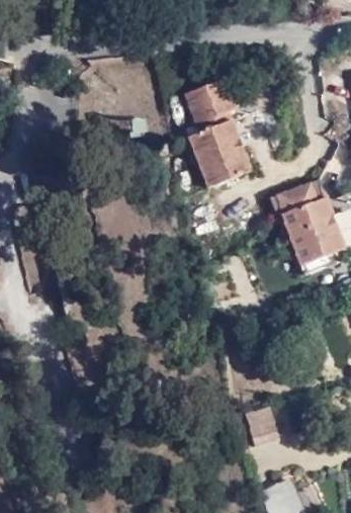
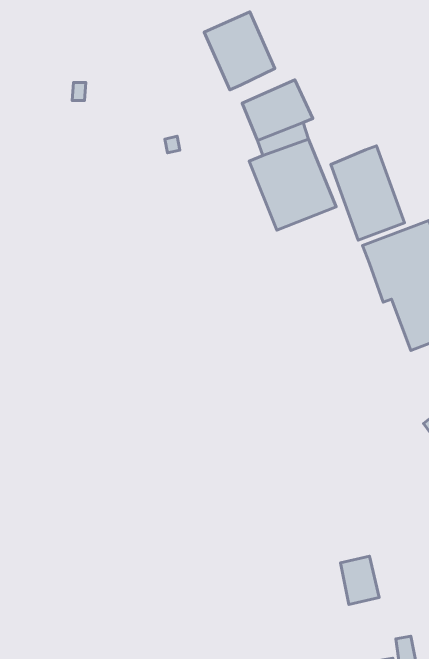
building: none -> [204,12,275,90]
building: none -> [331,146,405,240]

